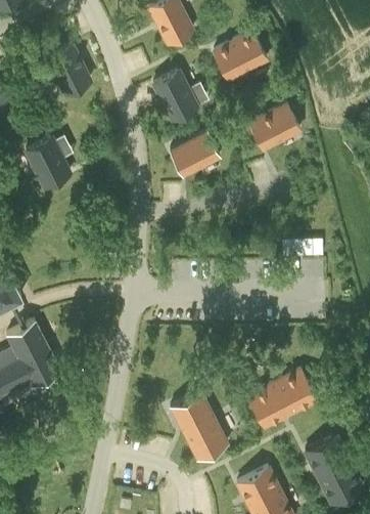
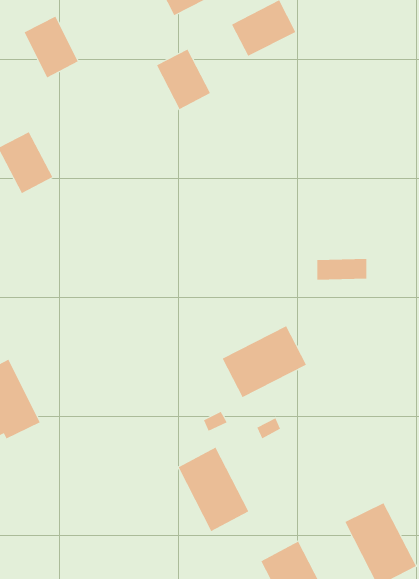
building: [250,106,300,151] -> none
building: [170,133,220,178] -> none
building: [248,371,317,429] -> [222,325,307,398]

